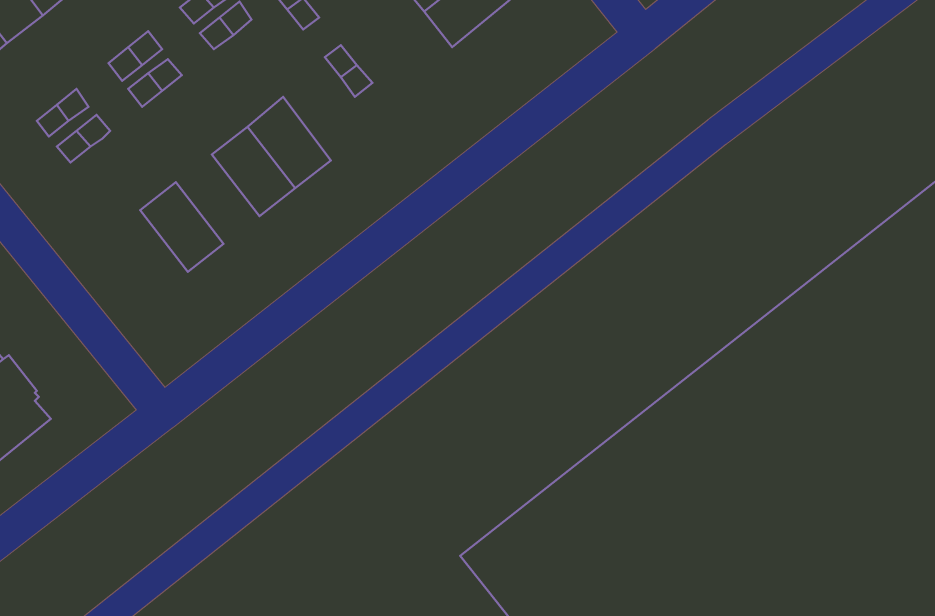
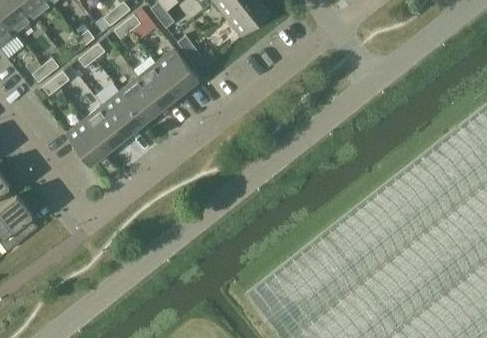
building: none -> [156,49,199,95]
building: none -> [102,92,144,137]
building: none -> [65,120,108,166]

